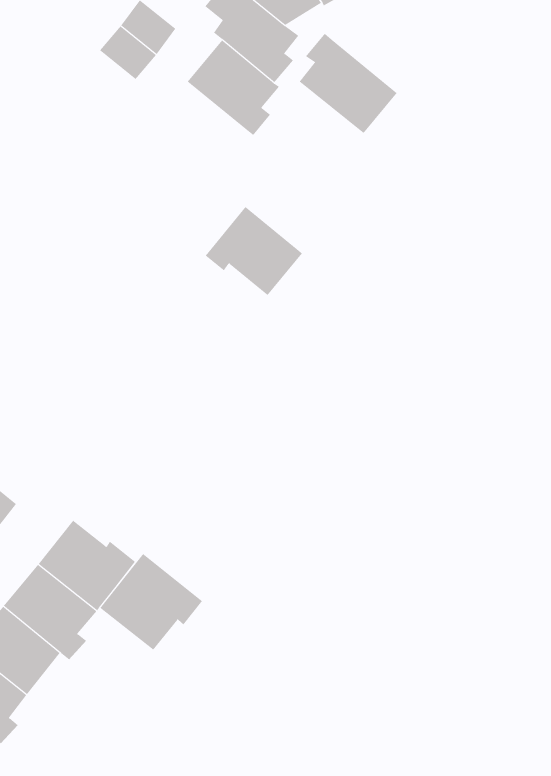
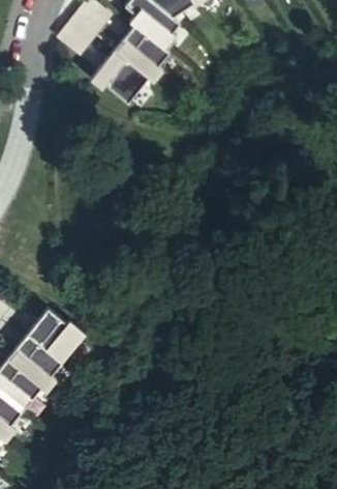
building: [299,33,397,134] -> none
building: [205,206,303,296] -> [90,50,148,103]
building: [100,553,203,651] -> none

